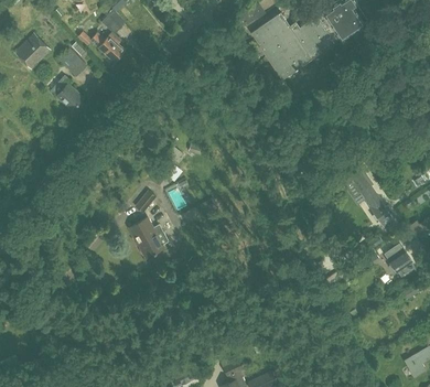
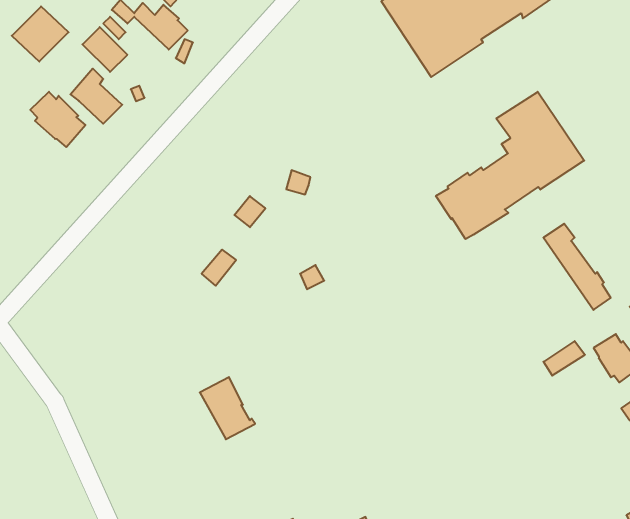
building: none -> [436,92,584,239]
building: none -> [30,92,85,147]
building: [129,217,164,257] -> [200,377,255,439]

